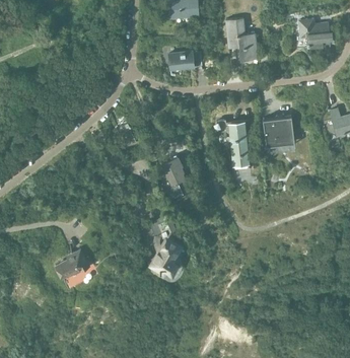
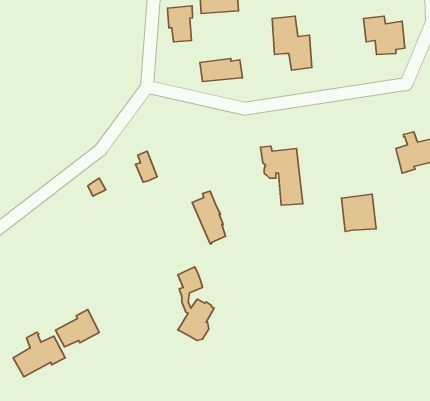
building: none -> [168,6,193,42]
building: [264,118,291,147] -> [341,194,376,232]
building: none -> [13,332,65,377]

